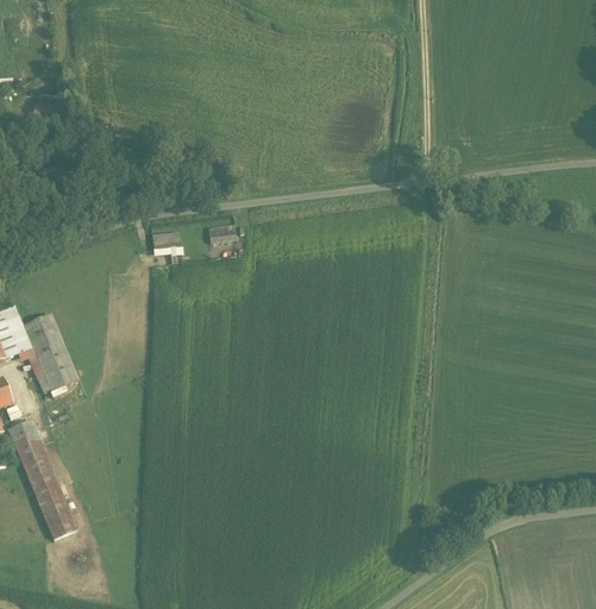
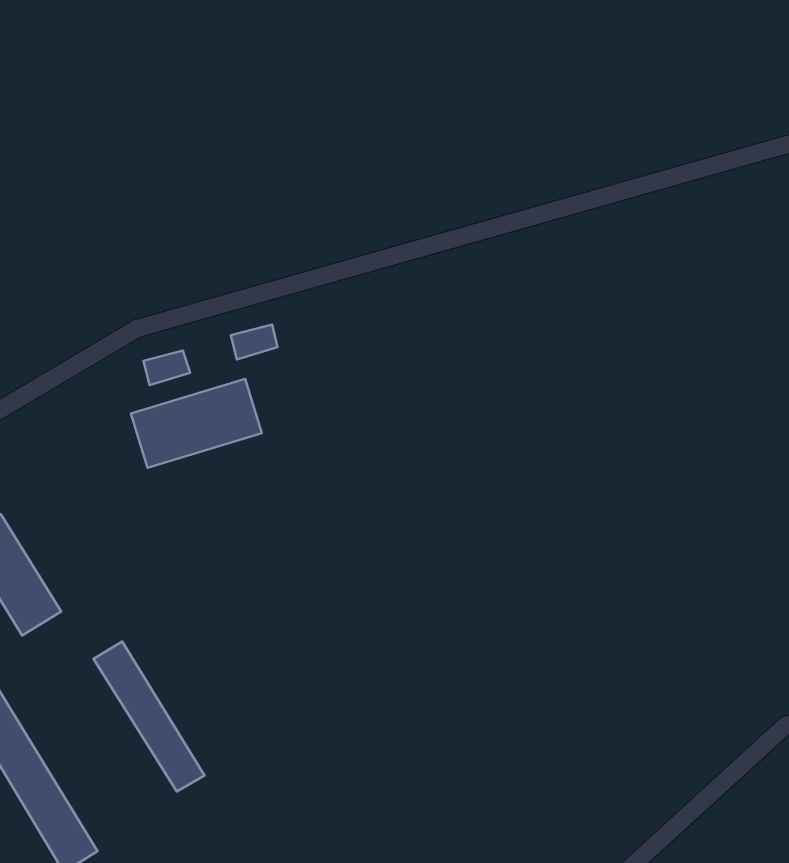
building: none -> [131,379,262,468]
building: none -> [94,642,204,792]

